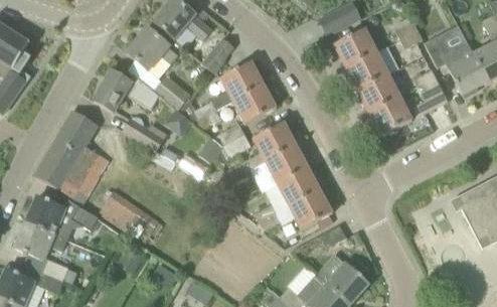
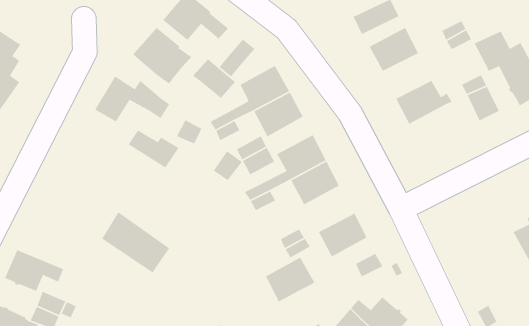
building: [345,50,388,90] -> none
building: [153,74,191,110] -> [192,59,236,99]
building: [368,96,412,135] -> none
building: [34,109,110,202] -> none
building: [277,166,321,206] -> [265,257,315,303]
building: [26,195,101,239] -> none

